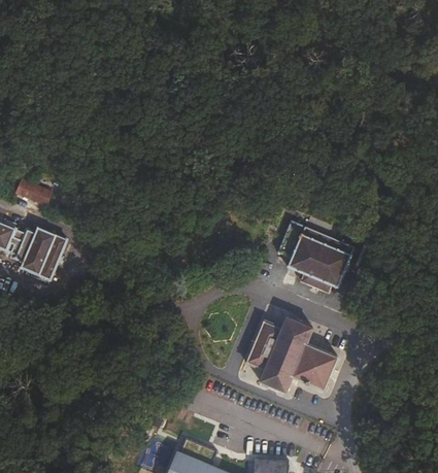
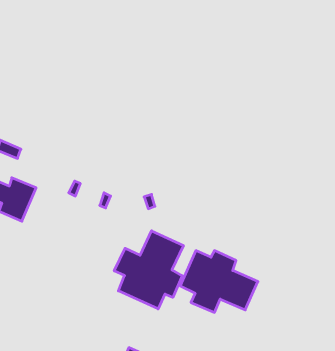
building: [277,223,350,292] -> none
building: none -> [114,231,183,309]

